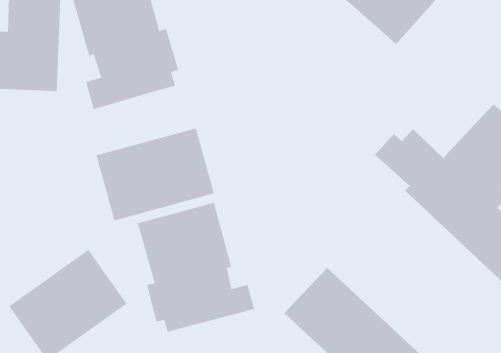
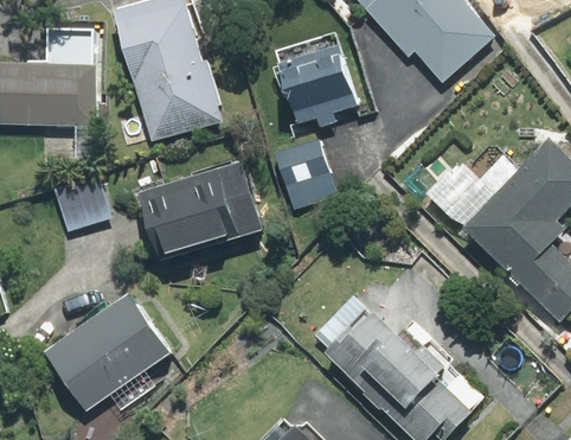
building: none -> [278,40,359,121]
building: none -> [274,139,333,210]
building: none -> [53,172,111,234]
building: [137,202,255,333] -> none

